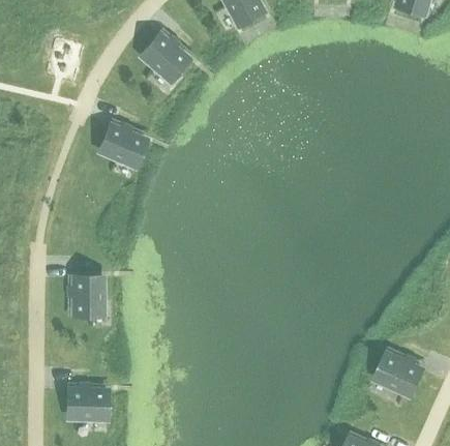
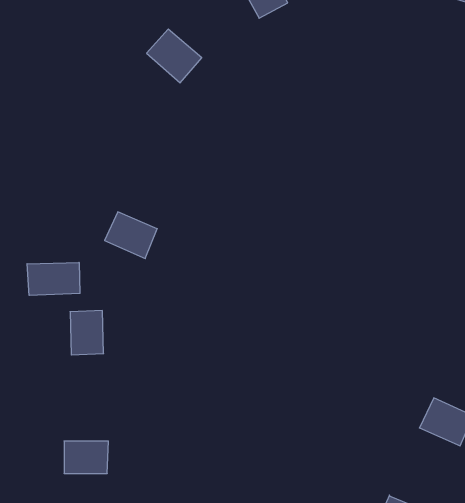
building: [99,125,145,166] -> [105,212,157,259]
building: none -> [27,262,80,295]

